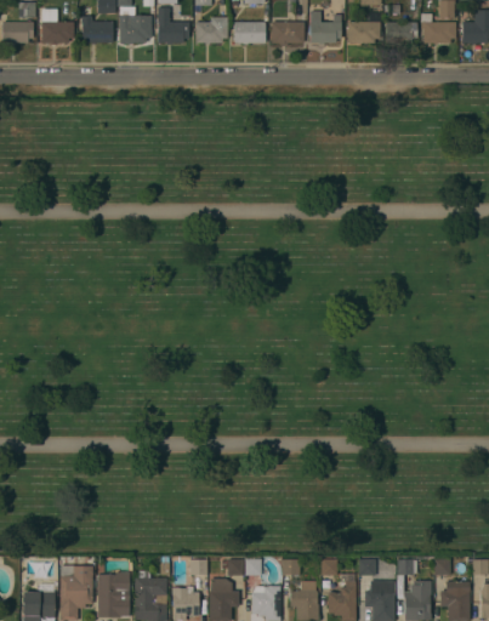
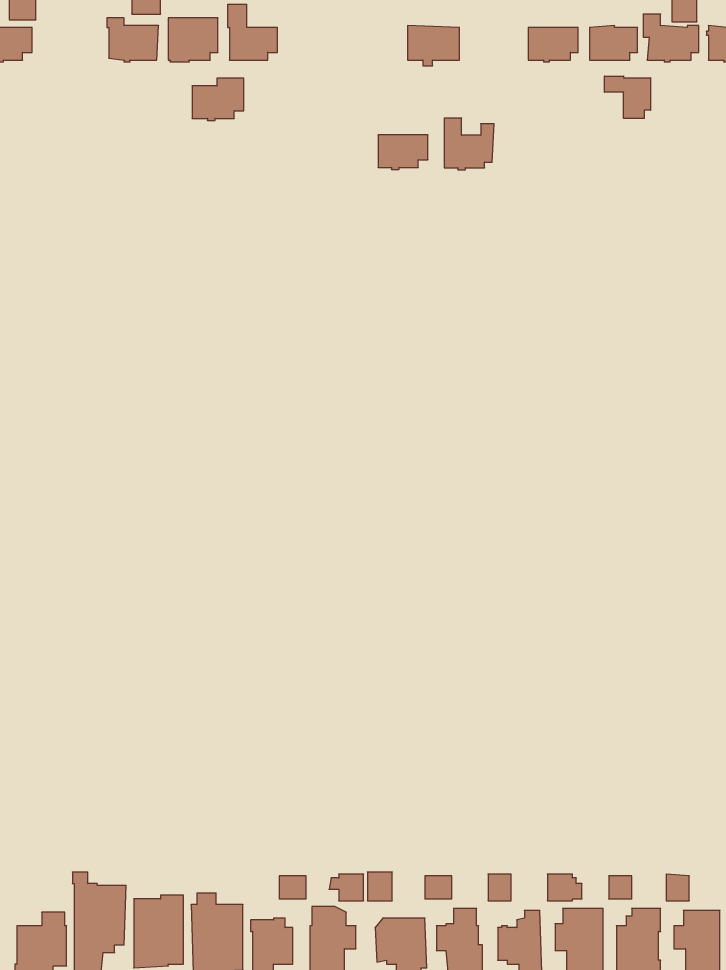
building: [309,11,341,44] -> [444,118,494,170]
building: [194,17,227,44] -> [192,78,244,120]
building: [41,21,73,44] -> none
building: [233,22,265,44] -> [378,135,428,169]
building: none -> [605,76,651,118]

